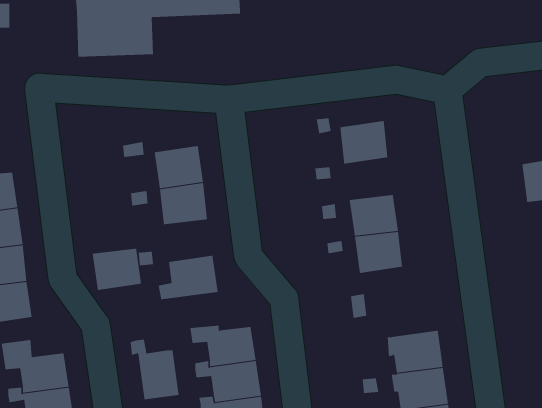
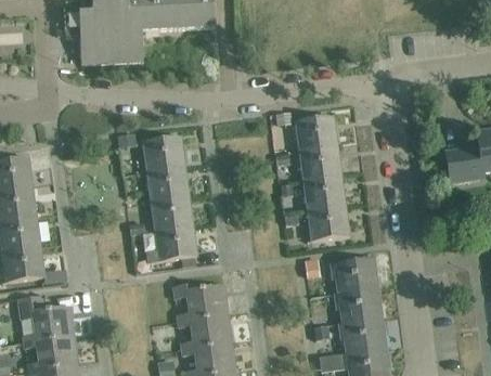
building: none -> [299,144,340,179]
building: [92,248,142,290] -> [151,195,192,230]
building: none -> [331,256,377,291]
building: [130,339,179,400] -> none

